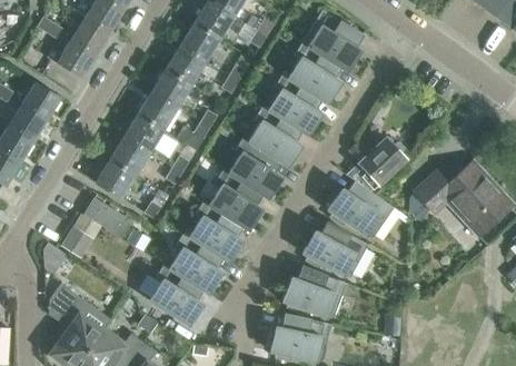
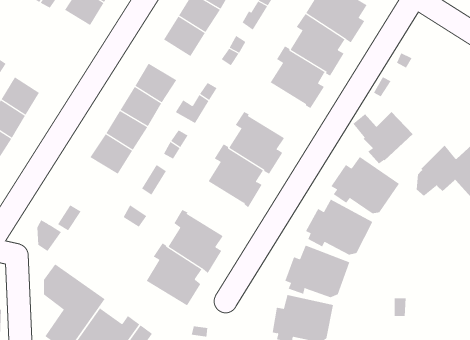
building: [42,40,96,79] -> none
building: [151,69,192,108] -> none
building: [22,82,61,120] -> none
building: [248,106,302,168] -> none
building: [83,198,132,238] -> none
building: [189,201,244,263] -> none

